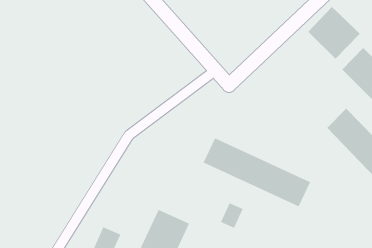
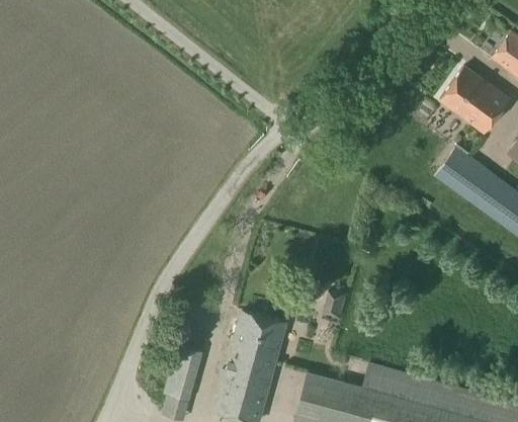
building: [308,6,360,59] -> none
building: [203,138,311,207] -> none

